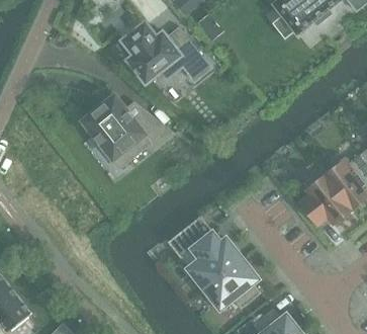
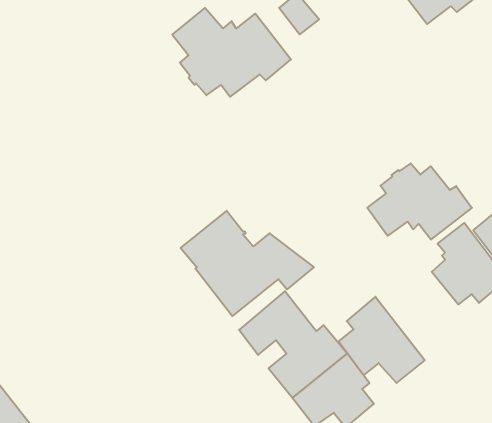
building: [83,95,174,167] -> [181,211,314,316]
building: none -> [367,163,472,240]
building: none -> [338,297,425,383]

